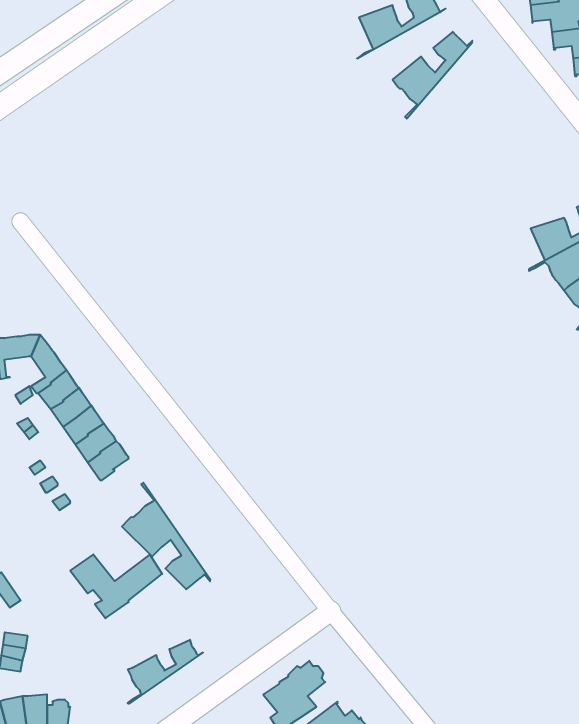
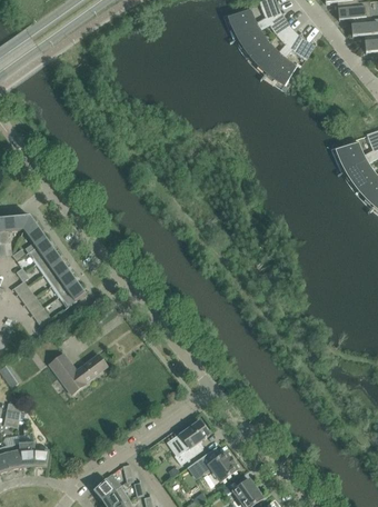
building: none -> [228,11,288,56]
building: none -> [259,32,312,85]
building: [122,483,210,589] -> none
building: [128,640,203,704] -> none

